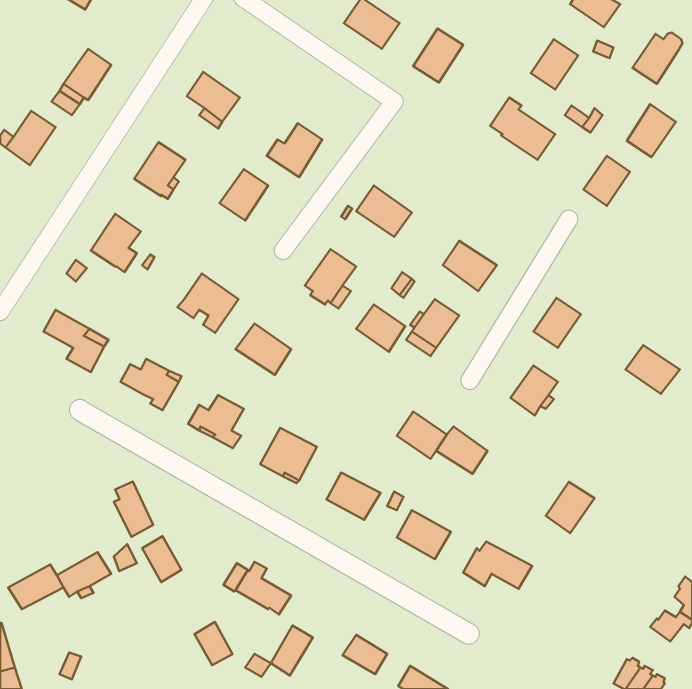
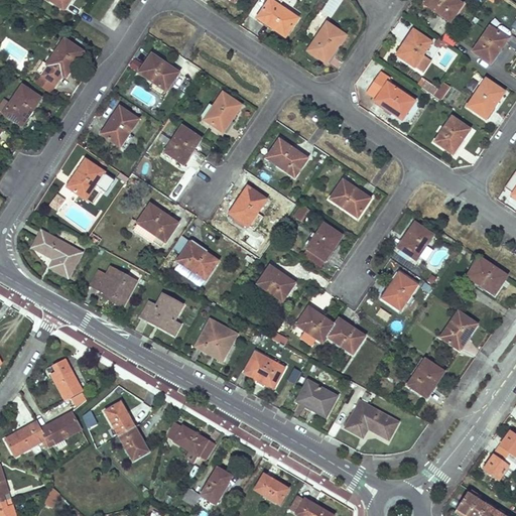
building: [356,305,405,352] -> [257,265,293,300]
building: none -> [439,310,476,349]
building: [114,481,153,537] -> [51,357,81,398]
building: [195,622,232,665] -> [120,424,148,457]

